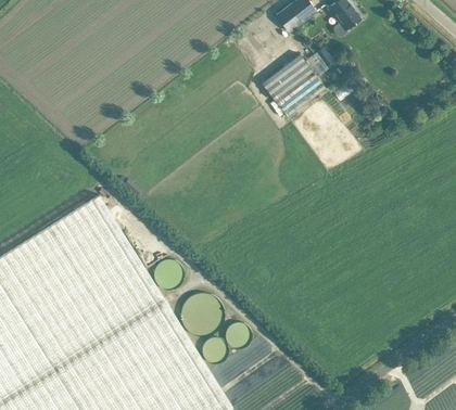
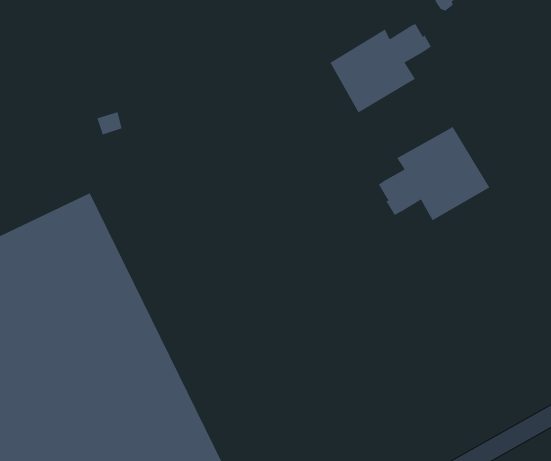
building: none -> [378,125,490,221]

